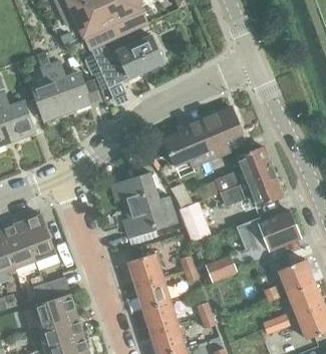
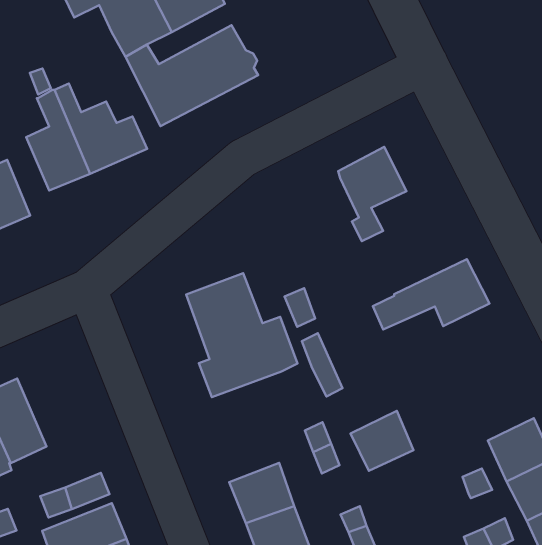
building: [162,122,215,166] -> none
building: [203,145,272,198] -> none
building: [235,211,299,253] -> none
building: [21,216,56,261] -> none
building: [127,253,162,286] -> none

